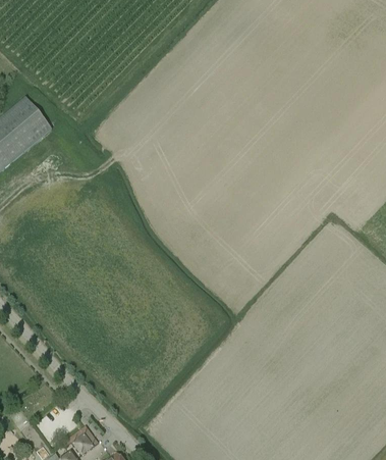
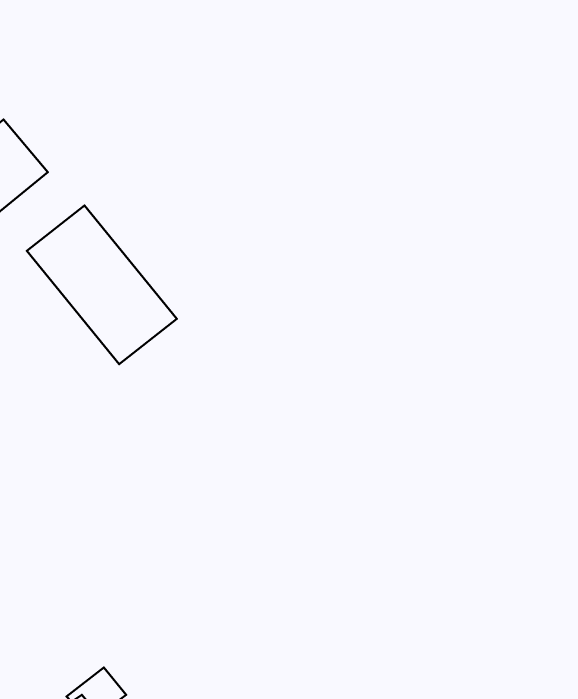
building: none -> [27,205,177,364]

